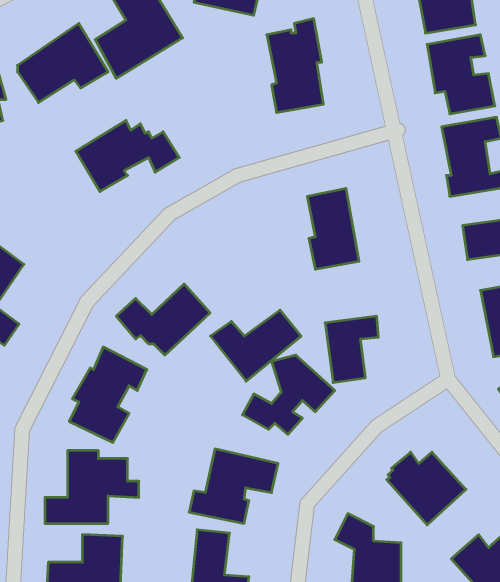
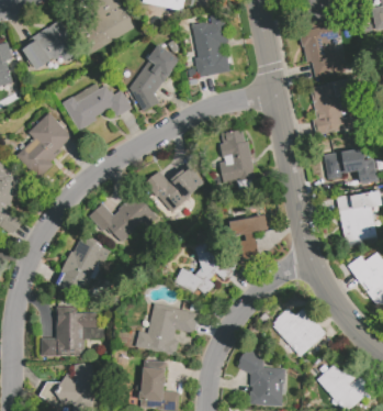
building: none -> [128,44,179,112]
building: none -> [15,113,71,180]
building: [210,310,301,381] -> [145,164,206,212]

